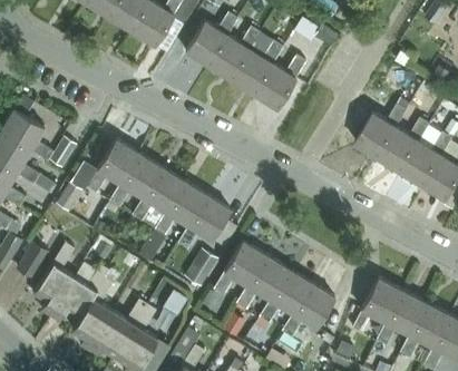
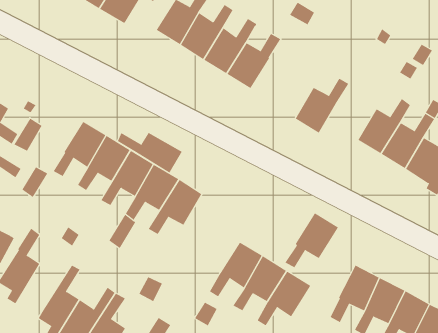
building: [355,104,408,157] -> [295,78,349,134]
building: none -> [117,132,183,173]
building: [213,241,265,294] -> [284,213,339,268]
building: [184,250,217,286] -> none
building: [50,264,108,321] -> none

